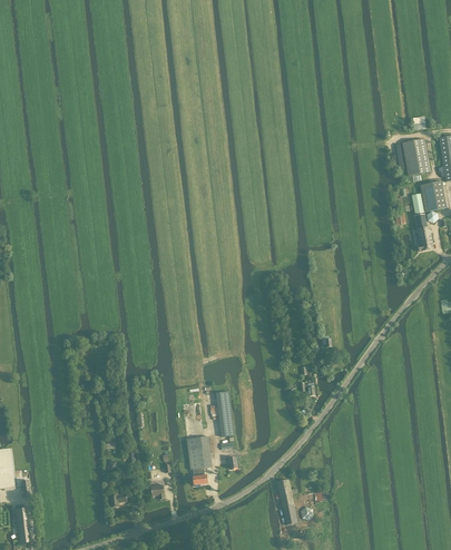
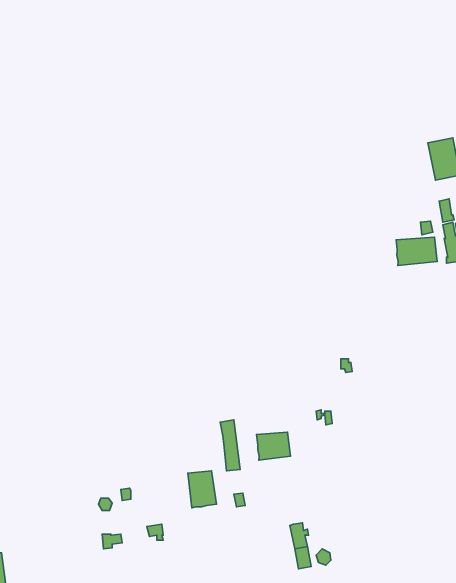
building: none -> [396,237,437,265]
building: none -> [257,432,291,460]

